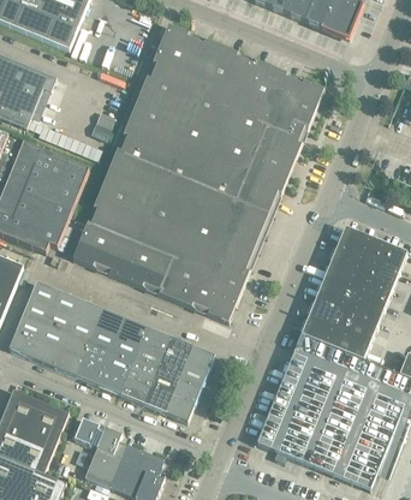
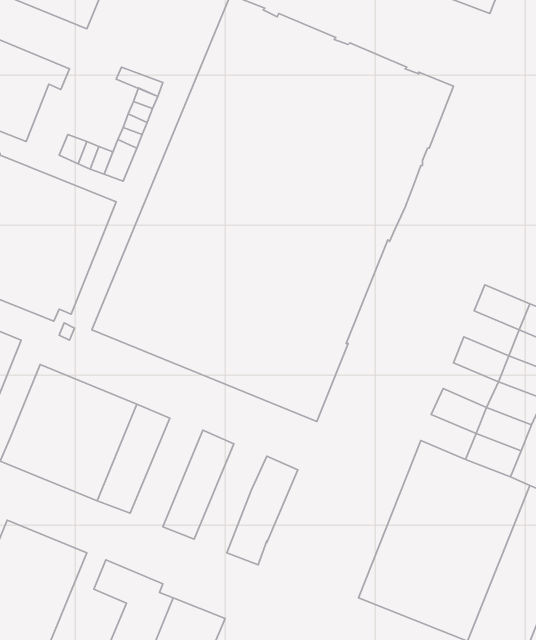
building: [330,245,369,276] -> none
building: [316,281,355,312] -> none
building: [300,317,339,349] -> none
building: [99,320,149,395] -> none
building: [143,338,193,413] -> none

